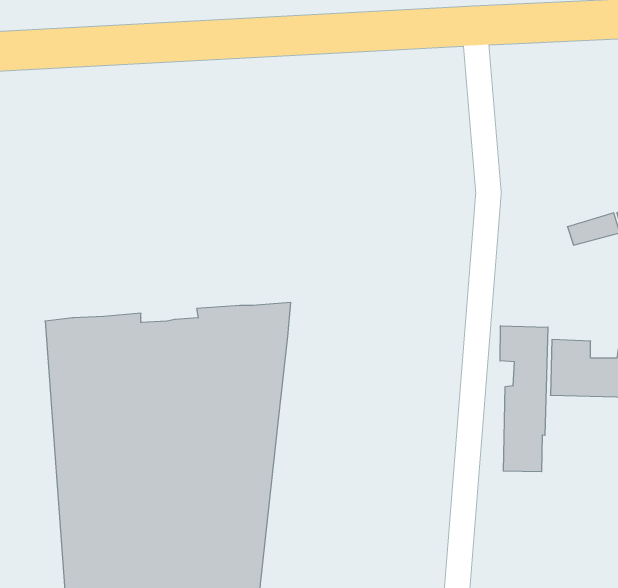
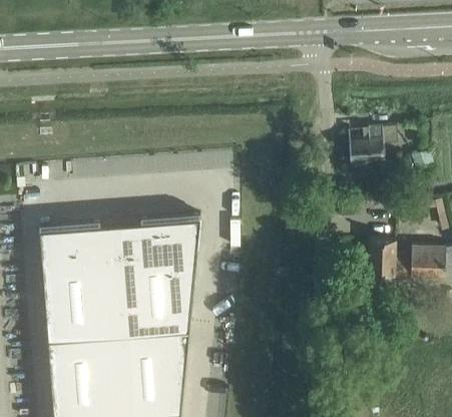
building: none -> [351,126,399,167]
building: [500,326,548,472] -> none

